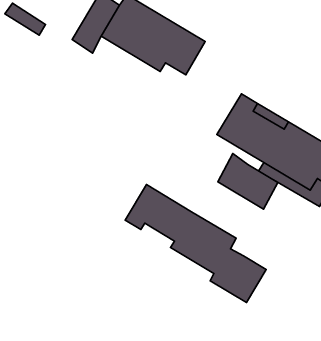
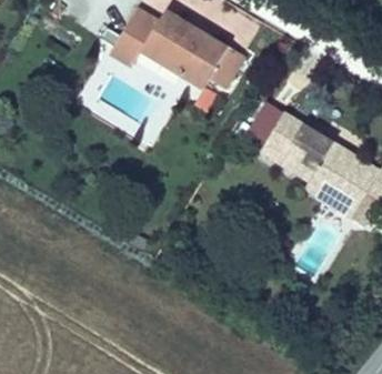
building: [218,154,278,209] -> none
building: [125,184,266,302] -> none

